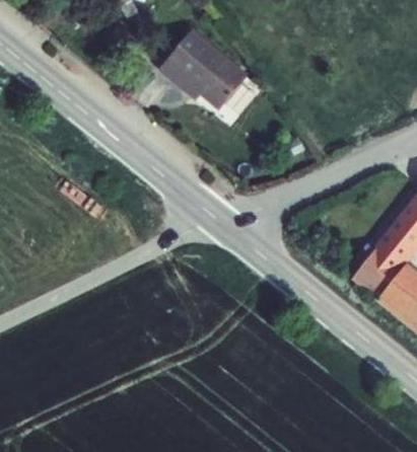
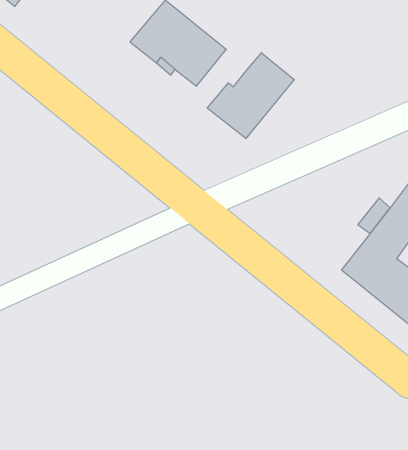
building: none -> [207,53,294,139]

